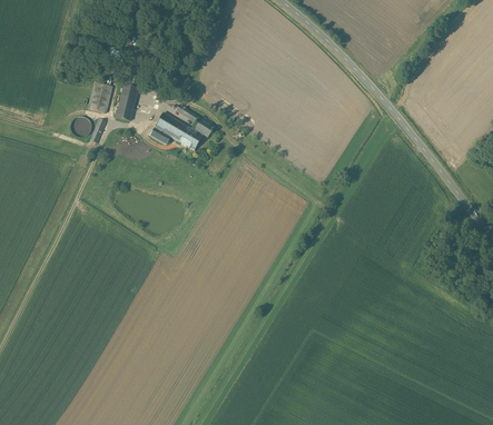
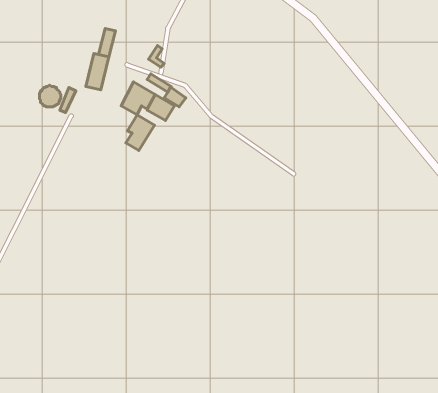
building: [88,82,112,113] -> none
building: none -> [126,115,155,150]

